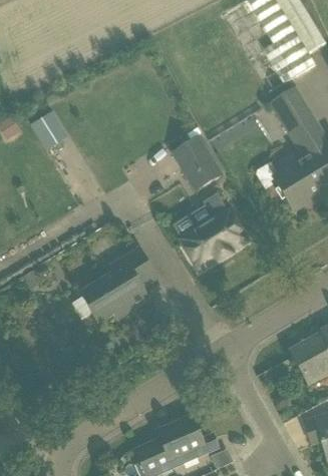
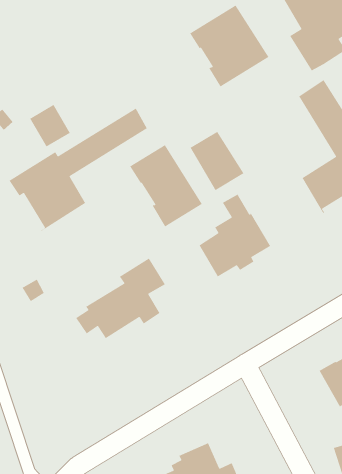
building: none -> [189,5,269,88]
building: none -> [8,108,148,232]
building: none -> [129,144,203,227]

